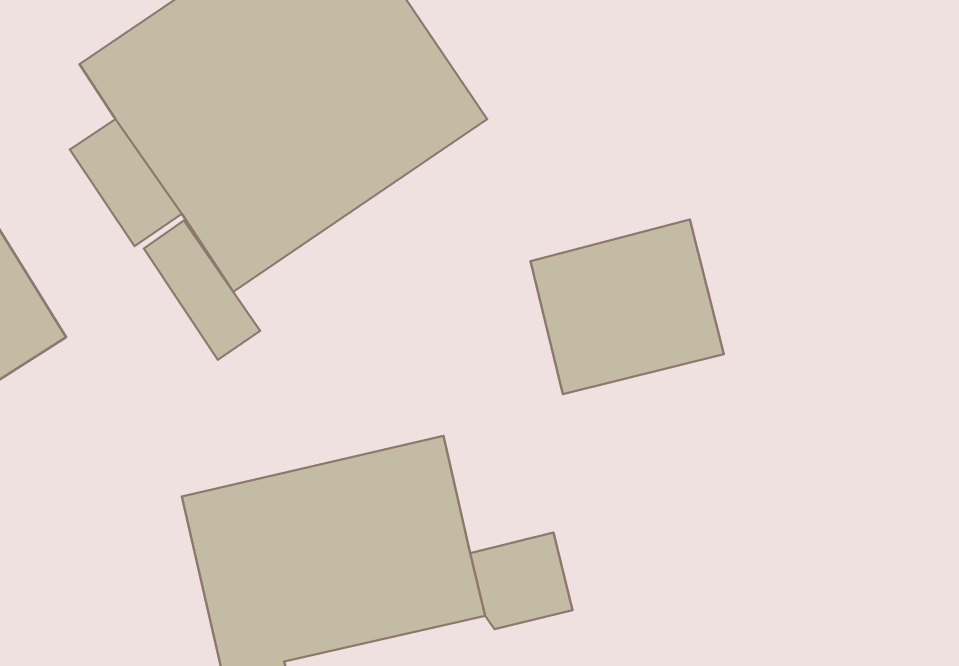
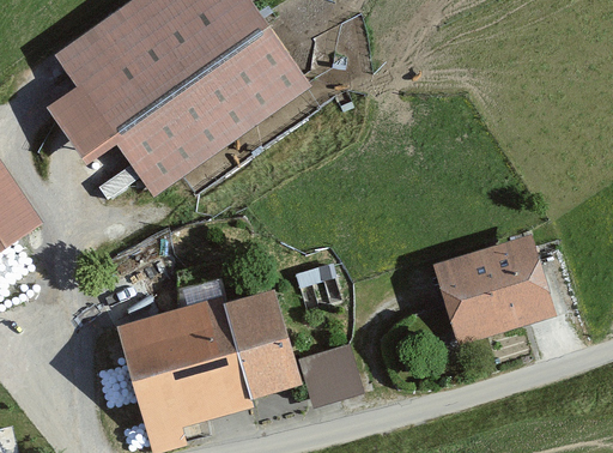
building: [531,220,724,394] -> [433,232,556,343]
building: [144,220,260,360] -> none

